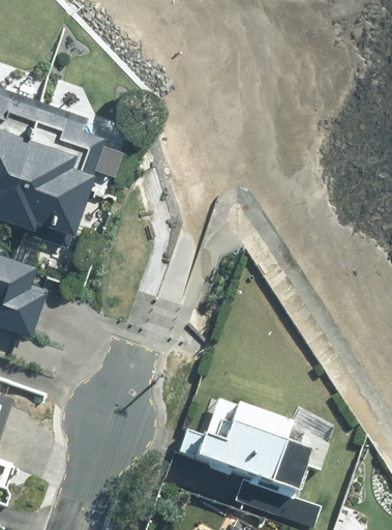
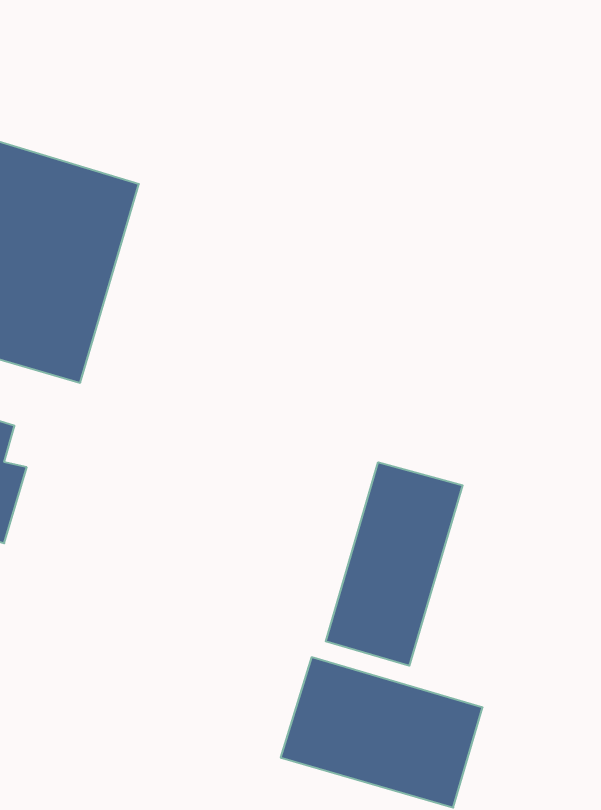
building: none -> [326,462,463,666]

